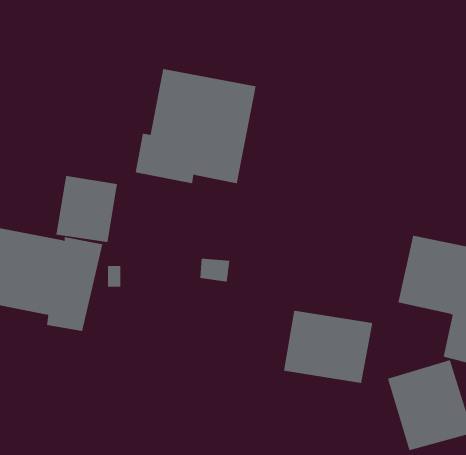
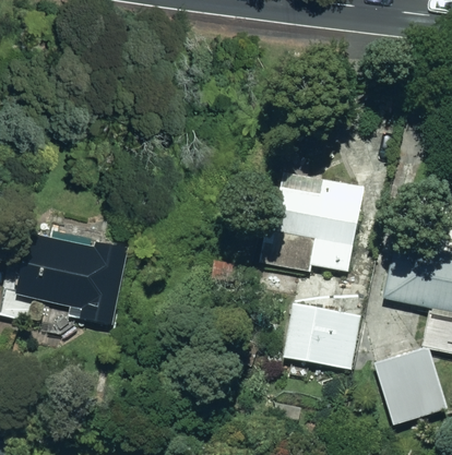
building: [135,68,256,184] -> [259,173,364,273]
building: [56,175,118,243] -> none

